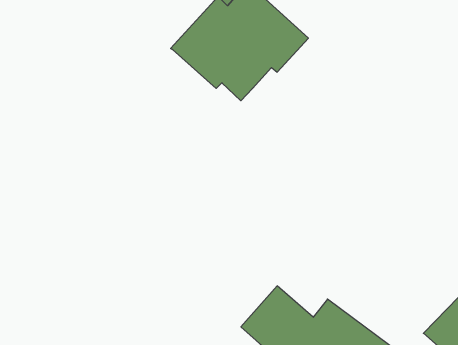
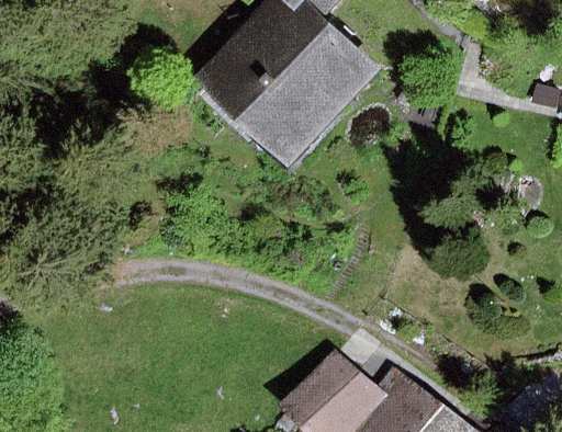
building: none -> [198,78,328,178]

